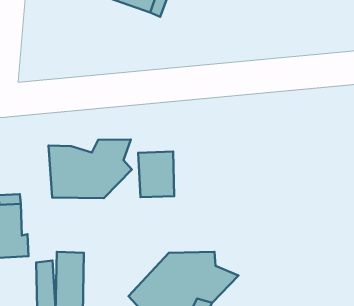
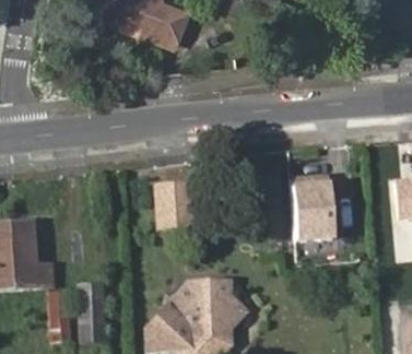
building: [48,140,132,198] -> none
building: none -> [290,185,333,245]

